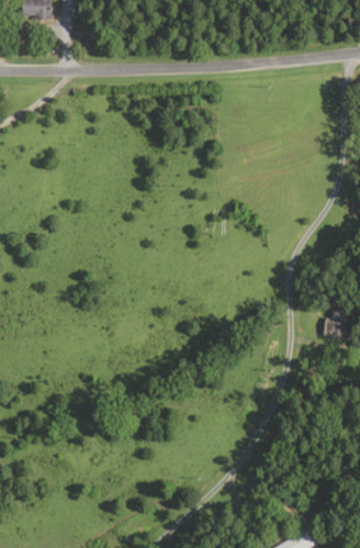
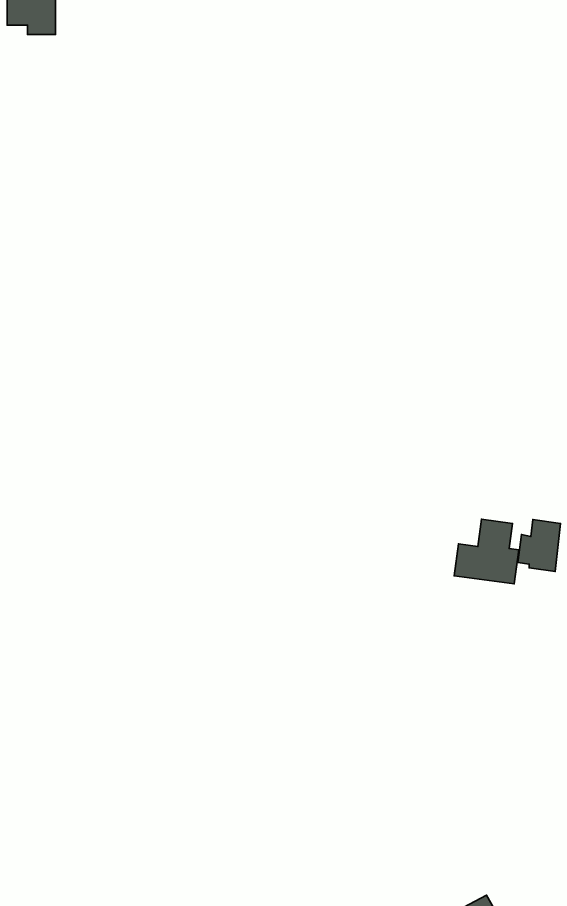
building: none -> [454,519,519,584]

